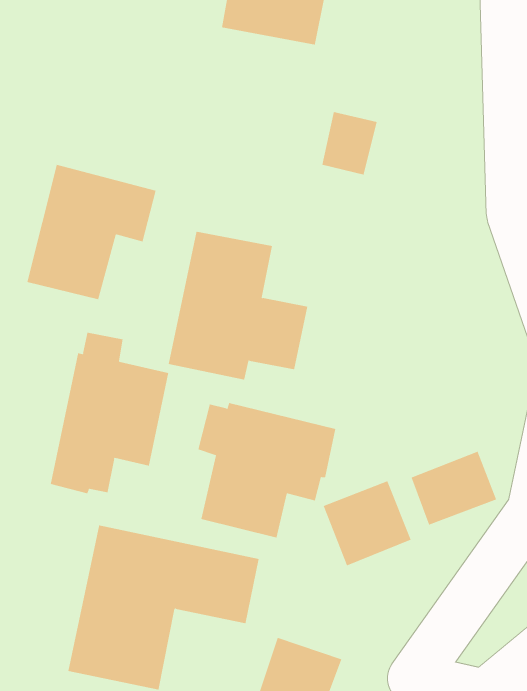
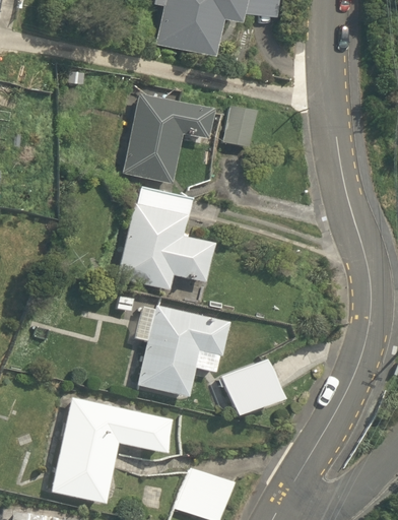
building: [27,164,156,300] -> [120,88,209,182]
building: [50,332,169,494] -> none
building: [411,451,497,525] -> none

